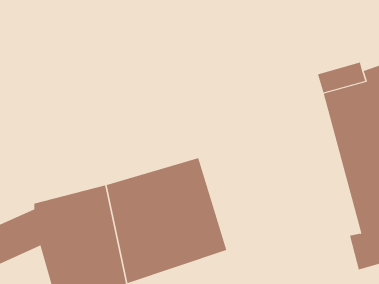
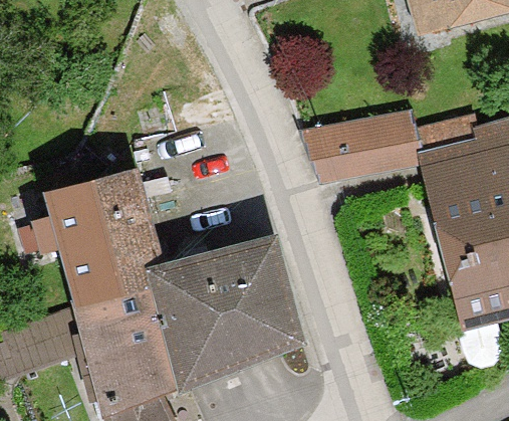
building: none -> [303,113,420,175]
building: none -> [39,162,157,292]

